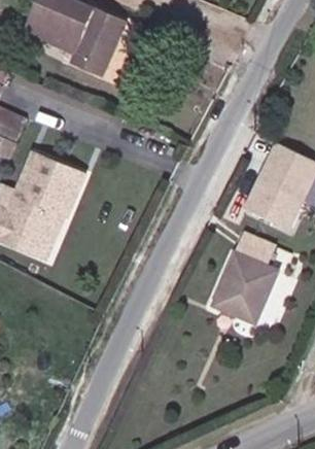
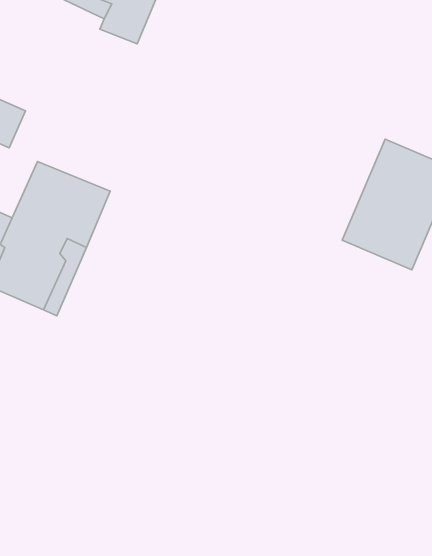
building: [214,235,277,321] -> none

